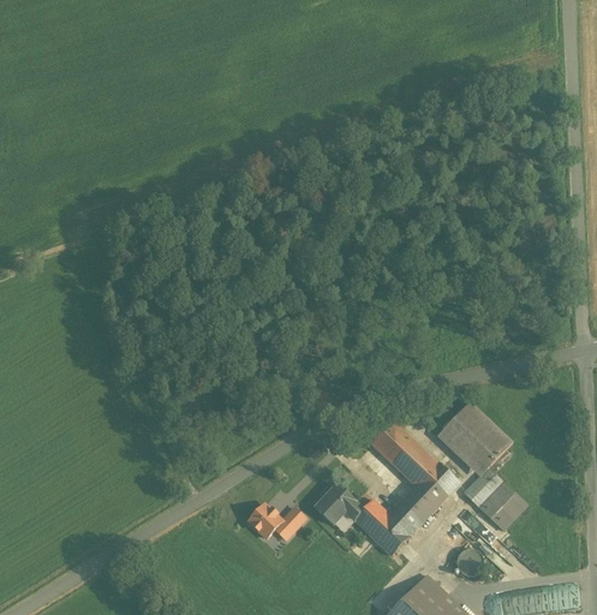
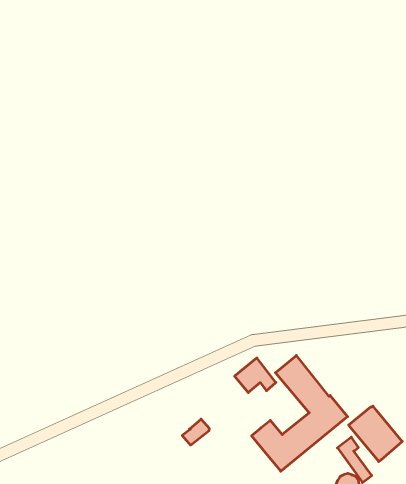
building: [443,404,511,470] -> none
building: [314,484,362,525] -> [235,358,276,393]
building: [247,504,281,538] -> none

